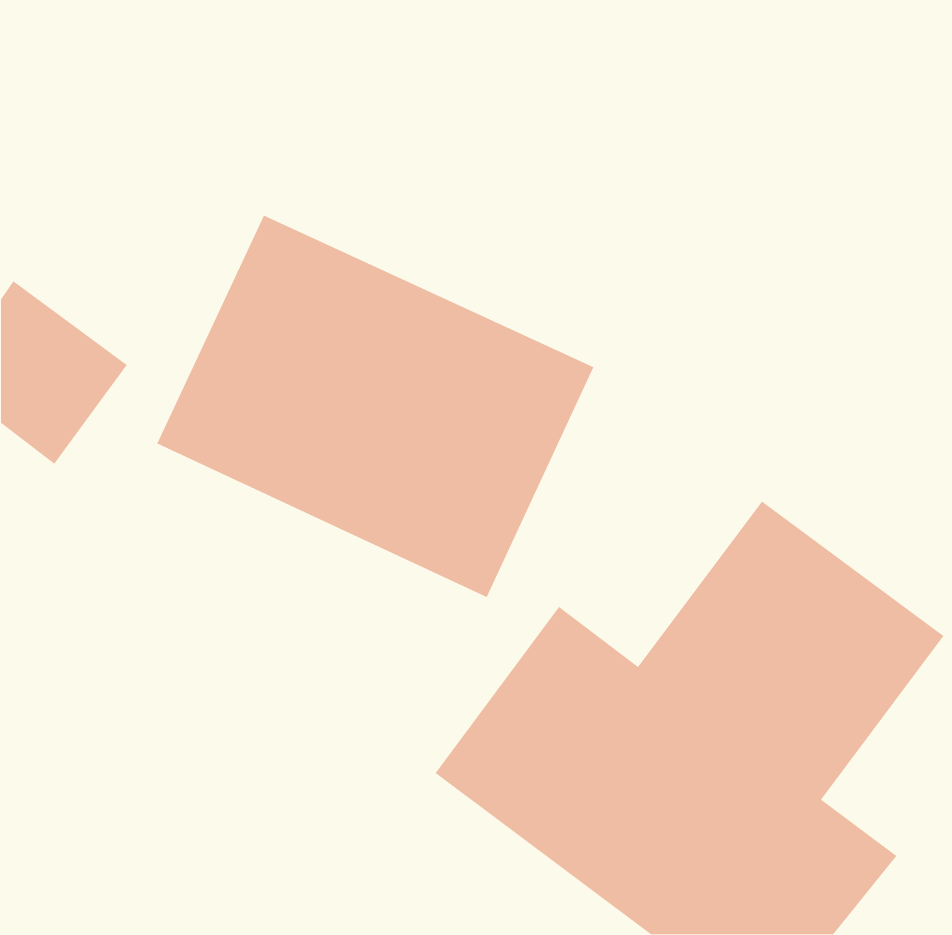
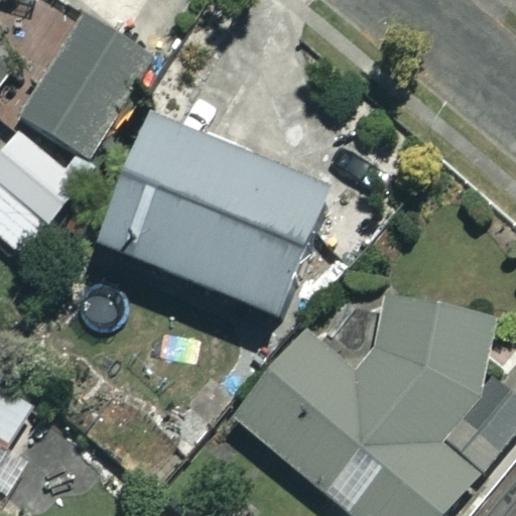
building: none -> [26,6,157,147]

